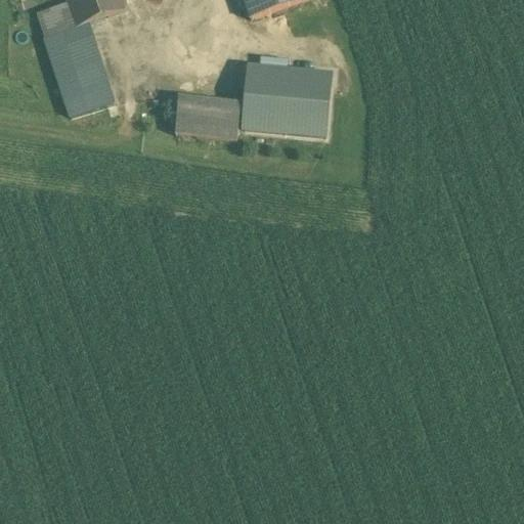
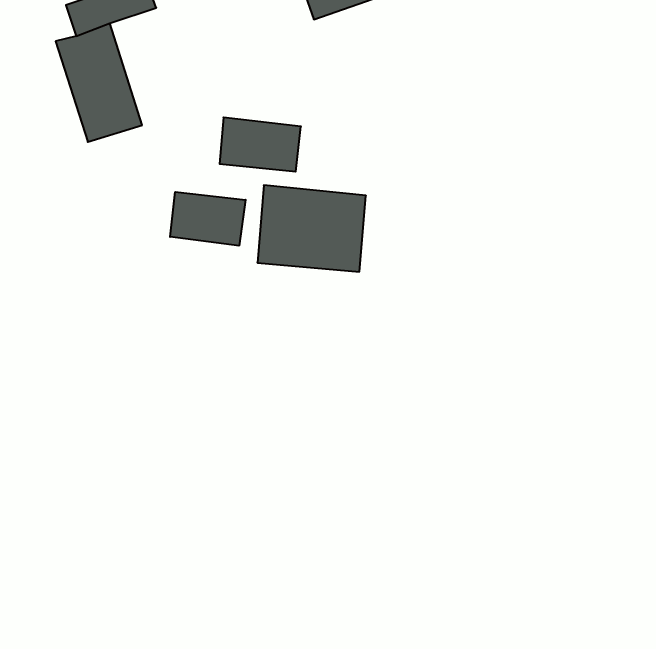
building: [243,63,329,132] -> [257,185,366,272]
building: none -> [170,192,246,246]

